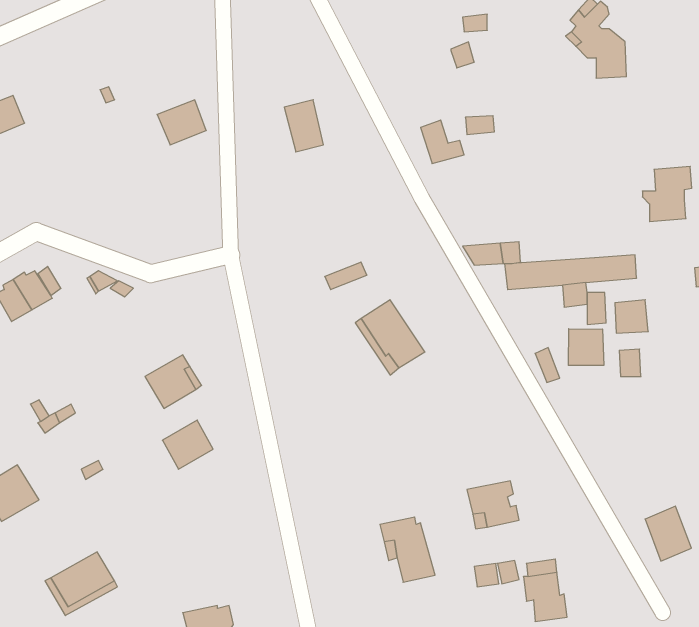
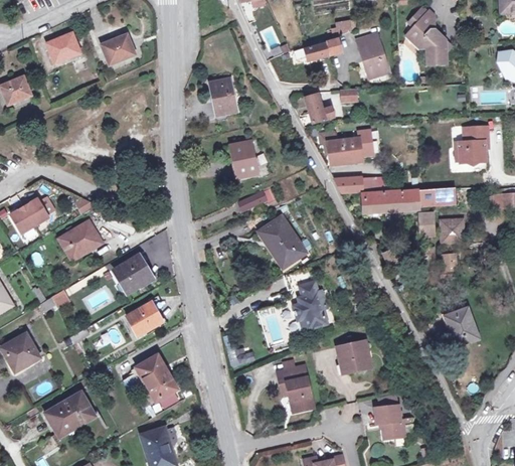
building: none -> [44,32,79,63]
building: none -> [356,32,389,76]
building: none -> [295,44,330,63]
building: [157,100,206,145] -> [101,33,135,64]
building: none -> [328,131,369,165]
building: none -> [231,141,258,177]
building: none -> [62,220,103,258]
building: [568,329,604,365] -> none
building: none -> [288,270,328,331]
building: none -> [137,354,177,401]
building: [645,506,691,561] -> [446,308,478,346]

